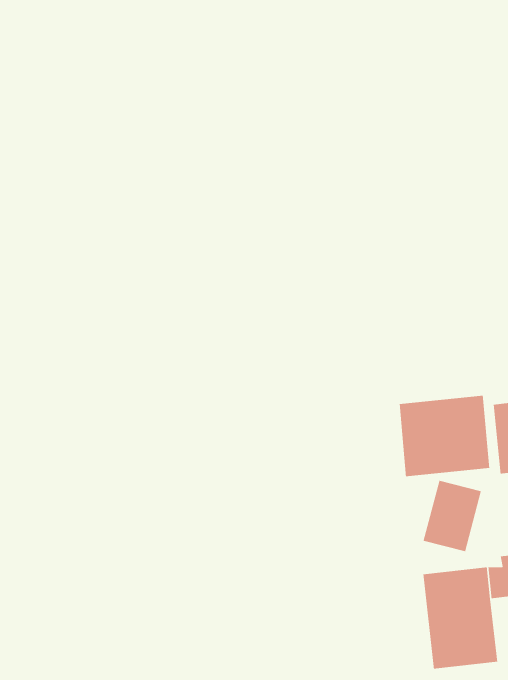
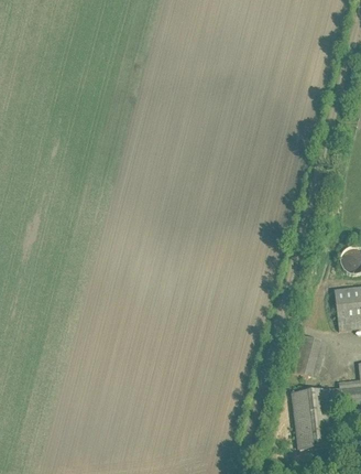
building: [399,395,490,477] -> none

